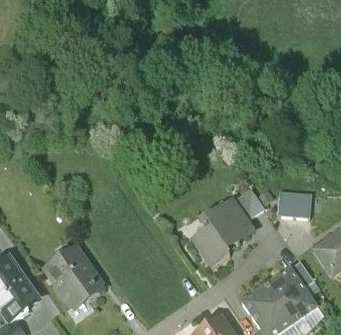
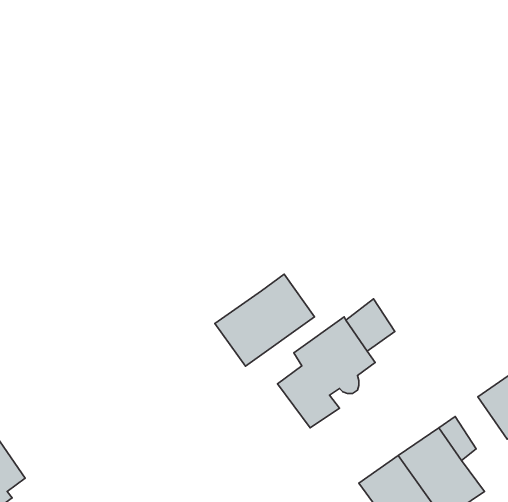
building: none -> [215,274,315,366]
building: [280,191,310,215] -> none
building: [46,246,101,304] -> none

